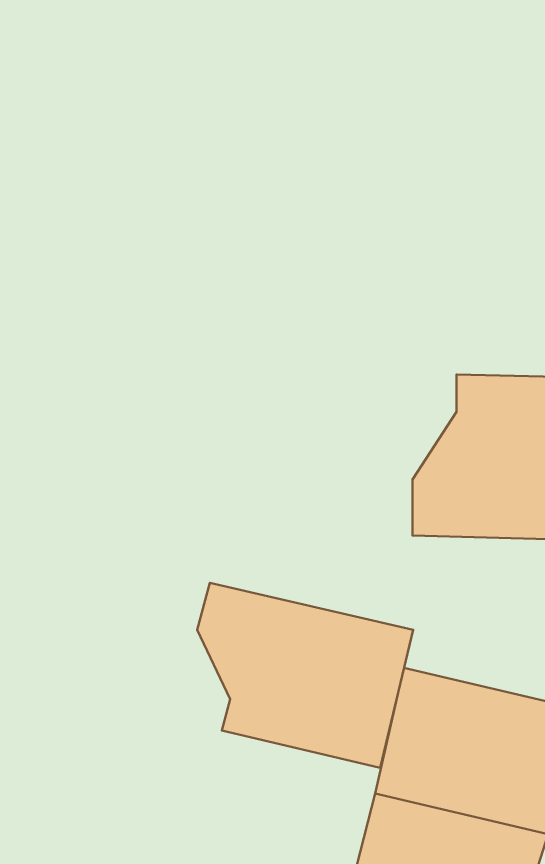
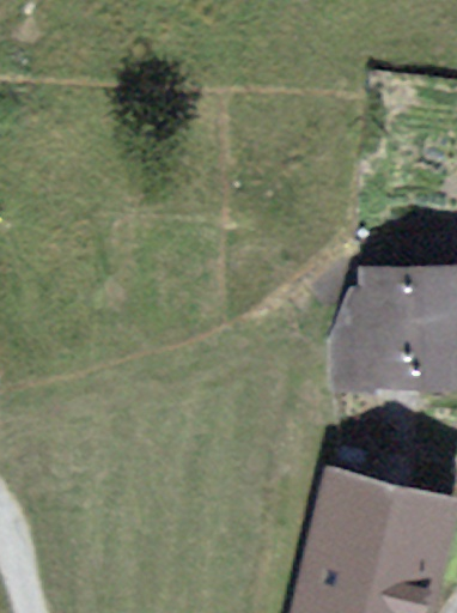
building: [197,583,413,768] -> none

